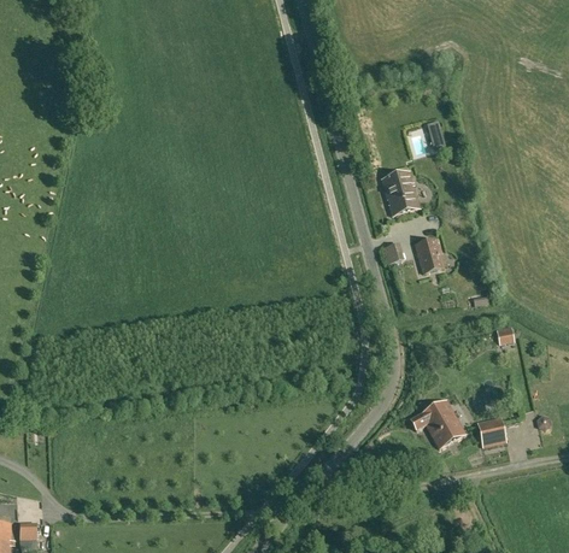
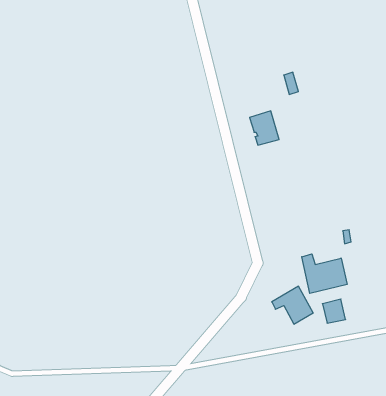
building: [413,237,444,271] -> none
building: none -> [302,254,347,293]

